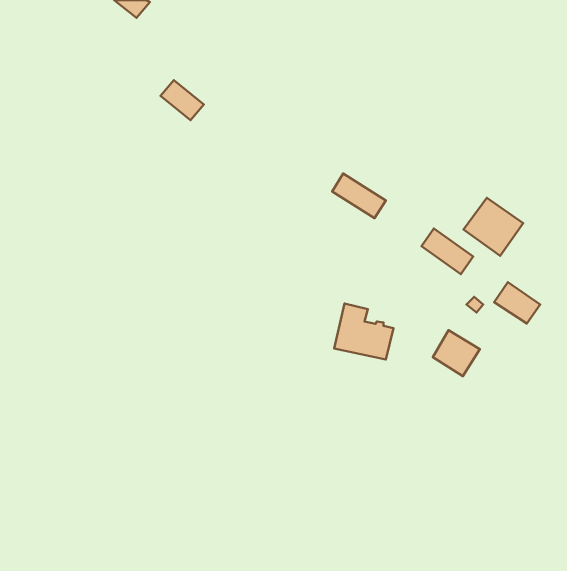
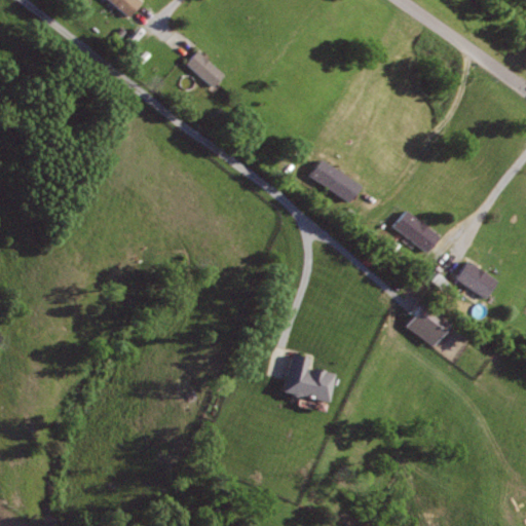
building: [160,80,204,120] -> [186,51,226,88]
building: [463,198,523,256] -> none
building: [334,304,394,360] -> [285,352,339,404]

